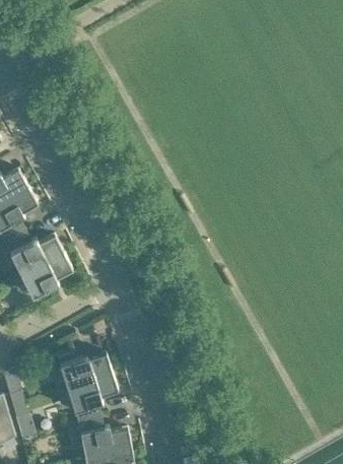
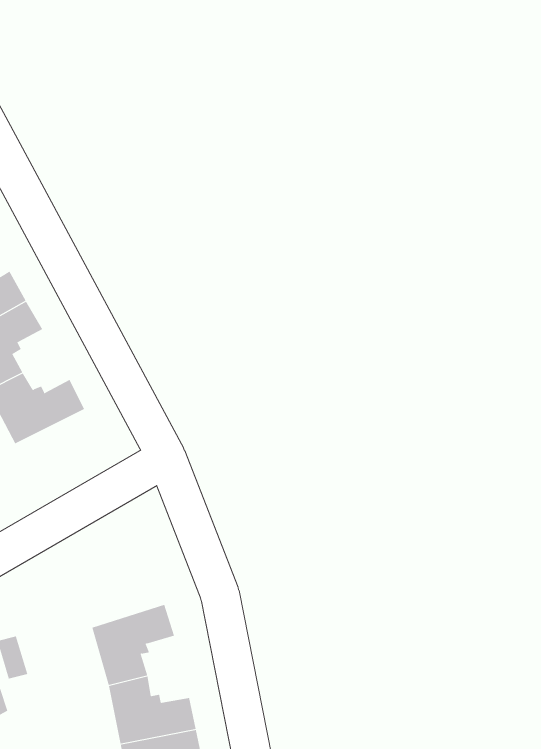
building: [20,254,72,301] -> none
building: [58,354,112,387] -> none

